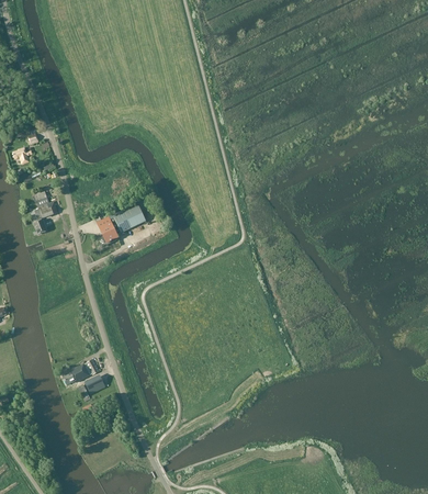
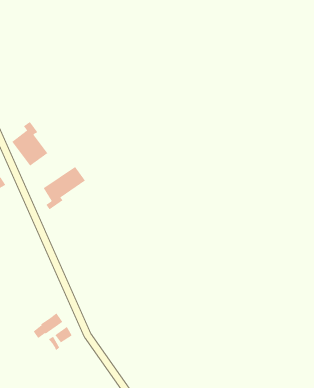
building: none -> [11,121,48,166]

